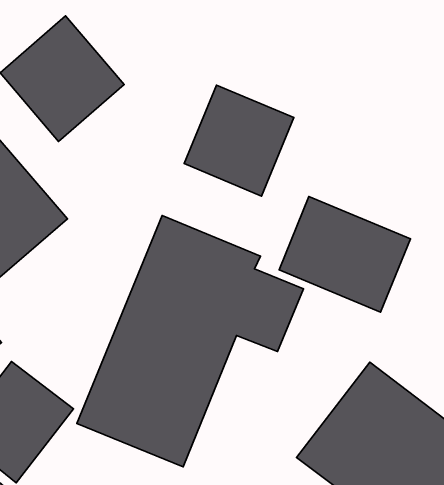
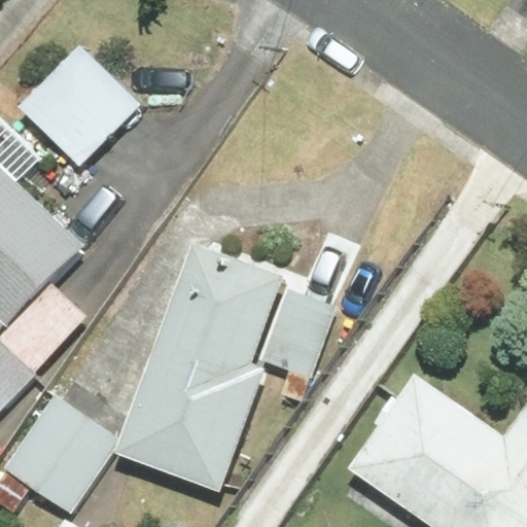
building: [184,85,294,196] -> none
building: [279,197,411,312] -> none

